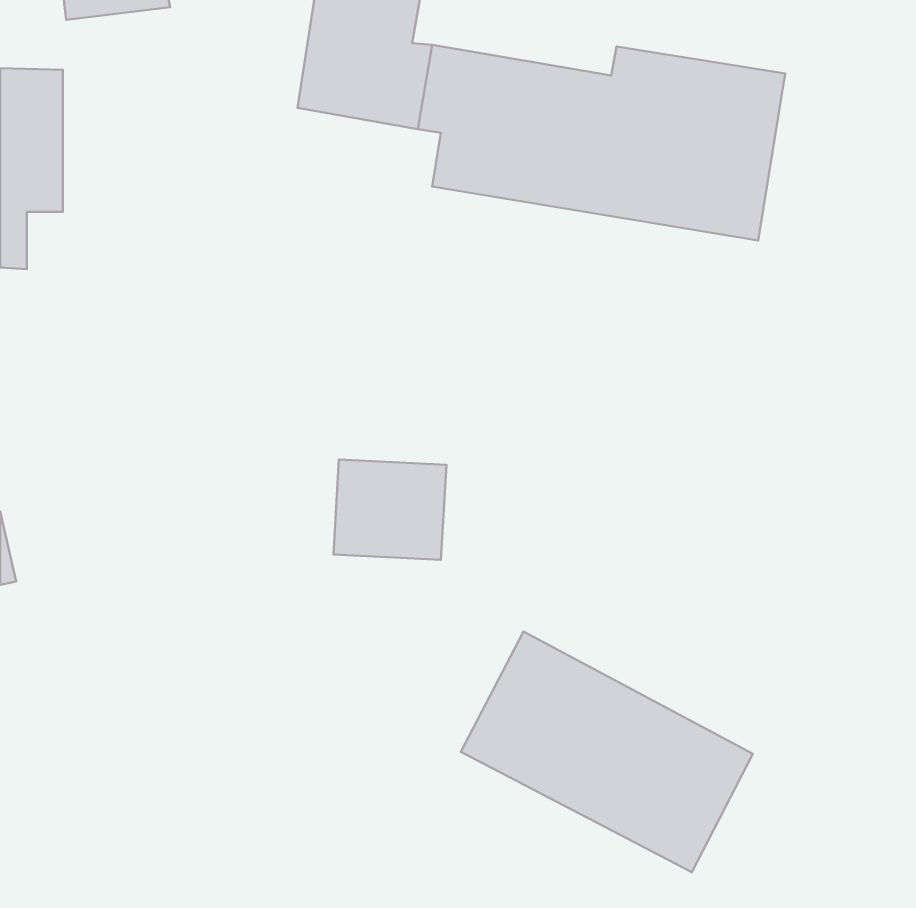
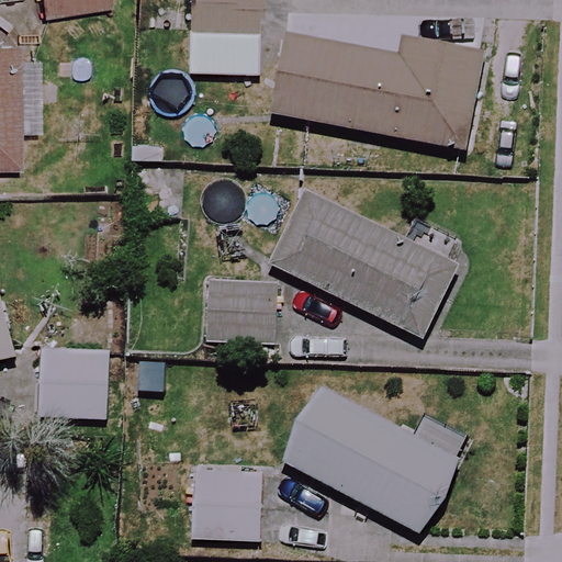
building: none -> [269,190,457,336]
building: none -> [41,349,108,419]
building: none -> [191,470,261,541]

